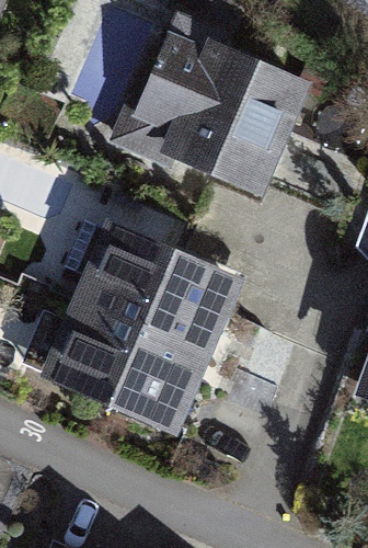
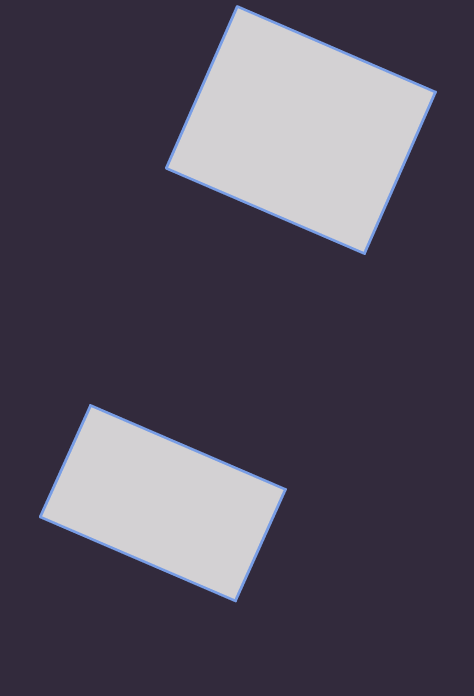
building: [76,221,241,355] -> none

